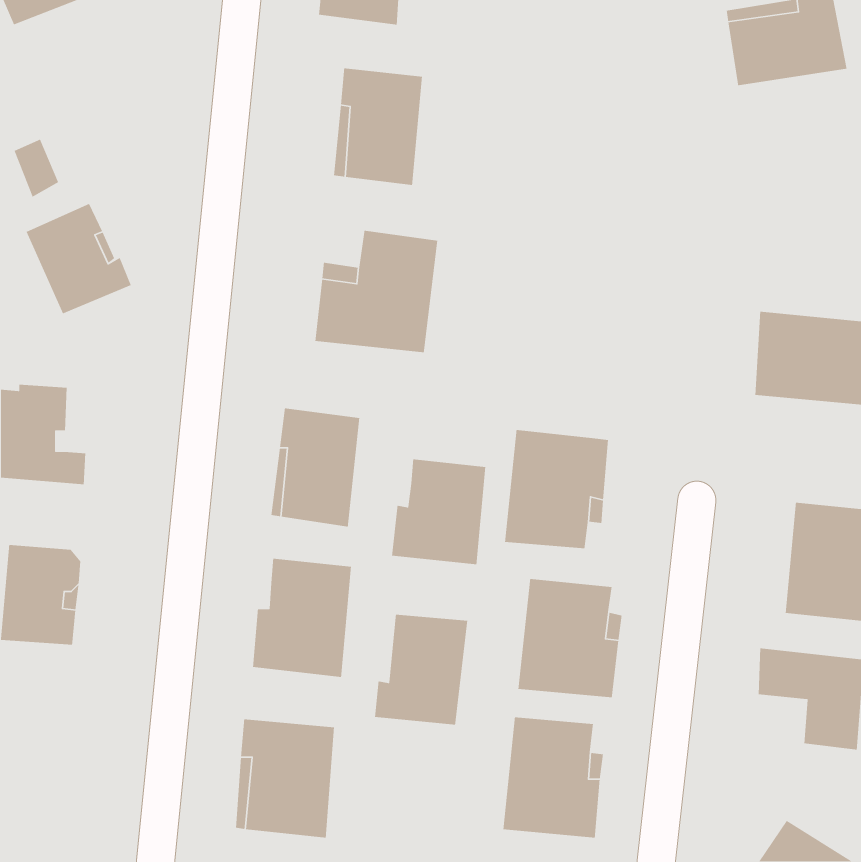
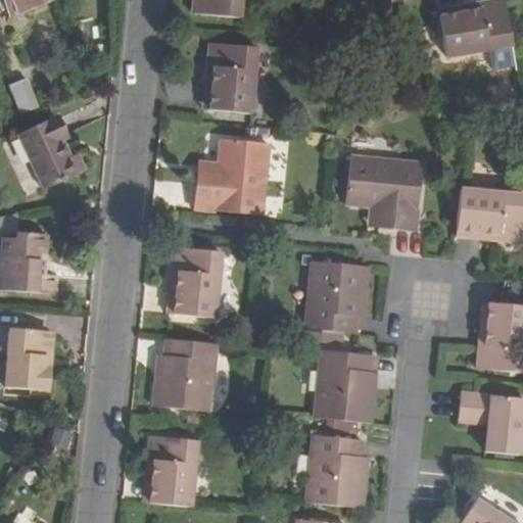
building: none -> [346,155,424,233]
building: [391,459,486,565] -> none
building: [374,614,468,726] -> none

